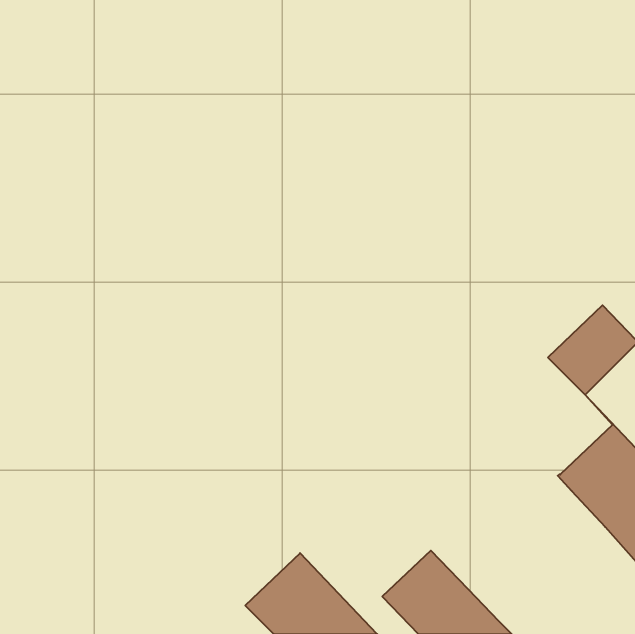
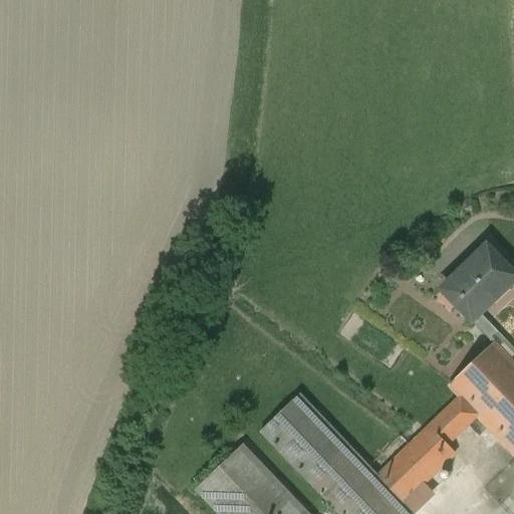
building: none -> [261,393,348,481]
building: none -> [378,396,489,501]

